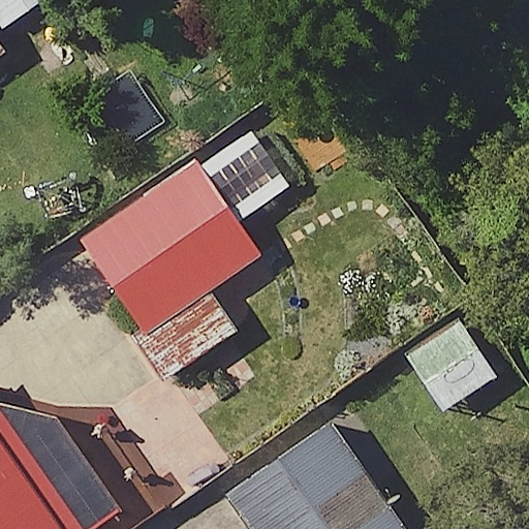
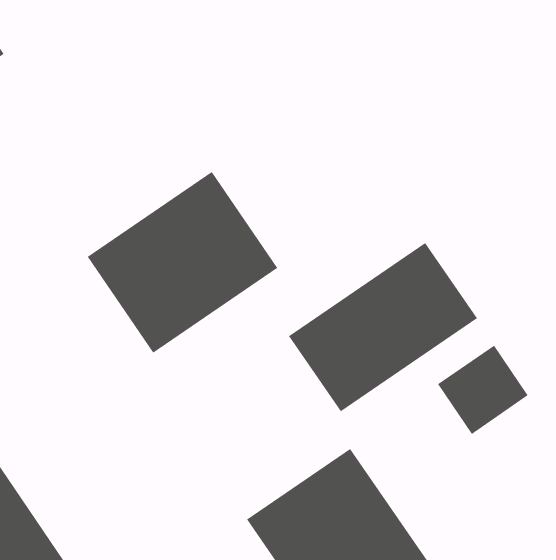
building: none -> [288,242,478,412]

